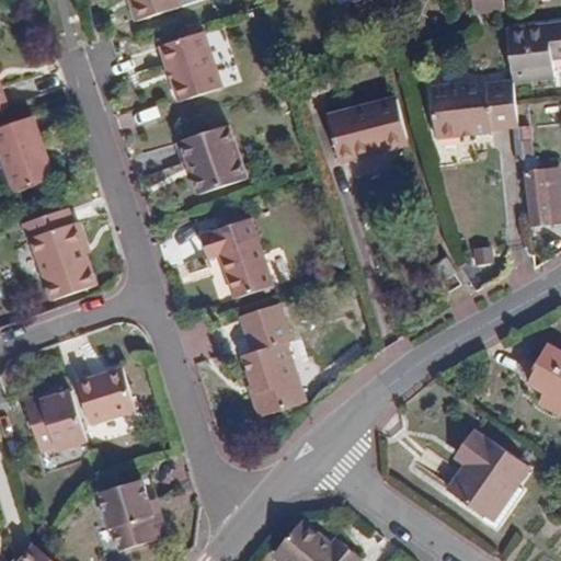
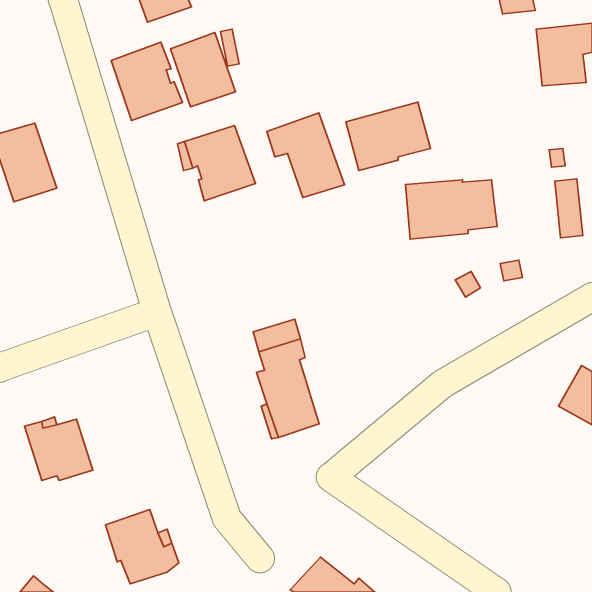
building: none -> [111,42,183,121]
building: [431,81,517,137] -> [406,180,497,239]
building: [22,206,94,297] -> none
building: [198,214,272,294] -> [267,113,345,198]
building: [77,366,135,425] -> none
building: [447,431,528,529] -> none

